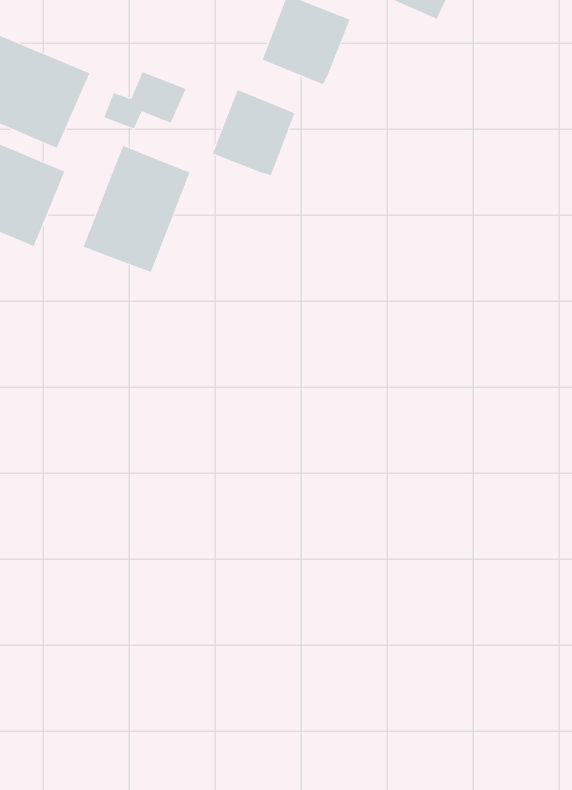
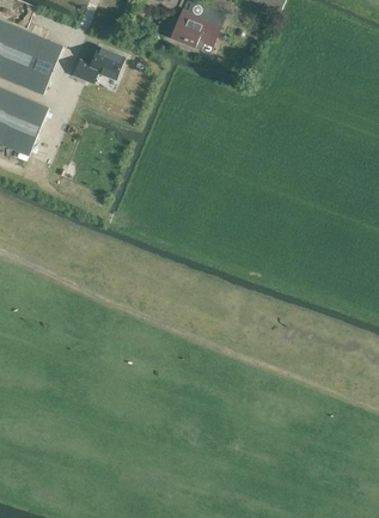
building: [212,89,295,176] -> none
building: [83,145,190,273] -> none

